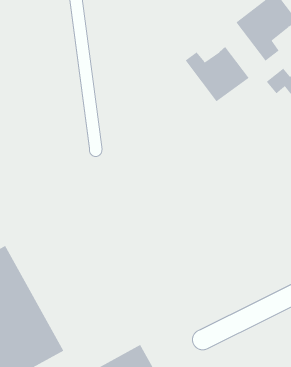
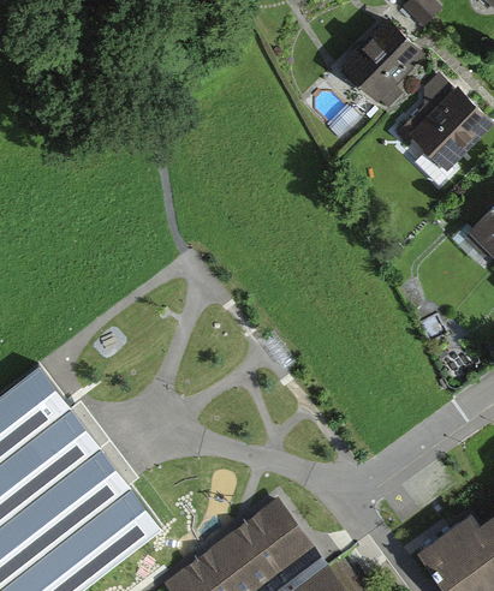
building: [185,46,249,102] -> none

